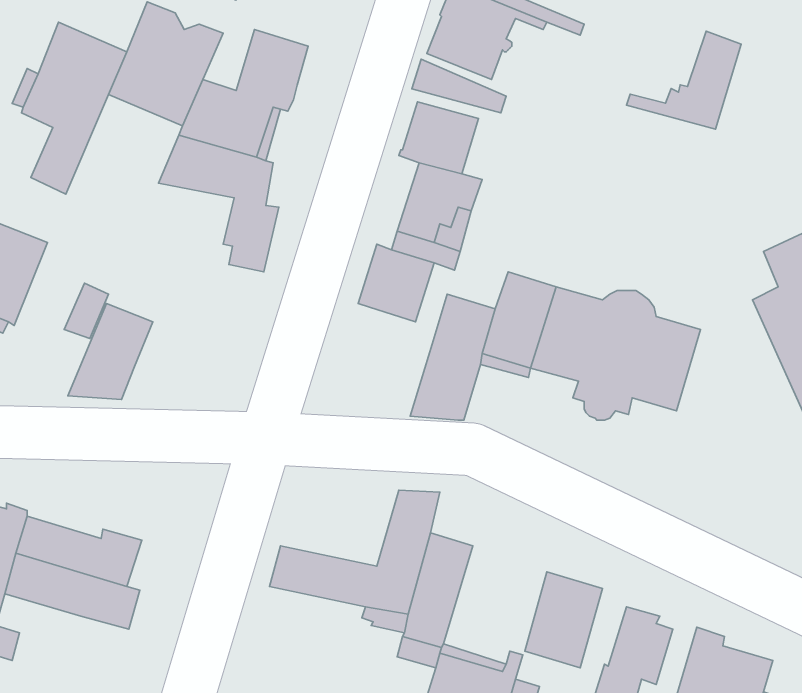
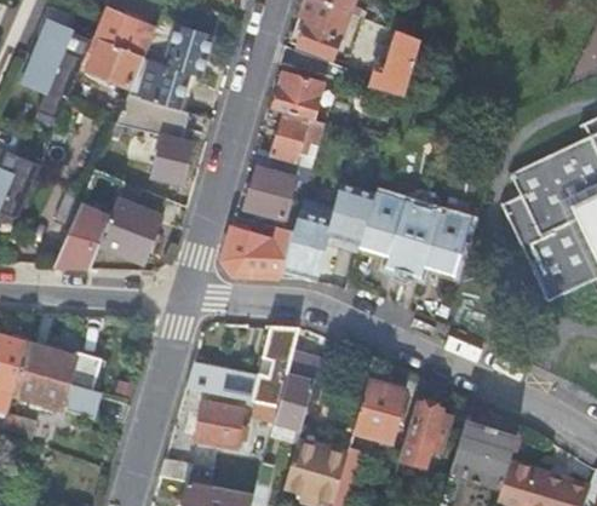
building: [627,31,741,129] -> [345,31,420,96]
building: none -> [98,180,161,261]
building: none -> [222,219,293,277]
building: none -> [196,402,246,449]

